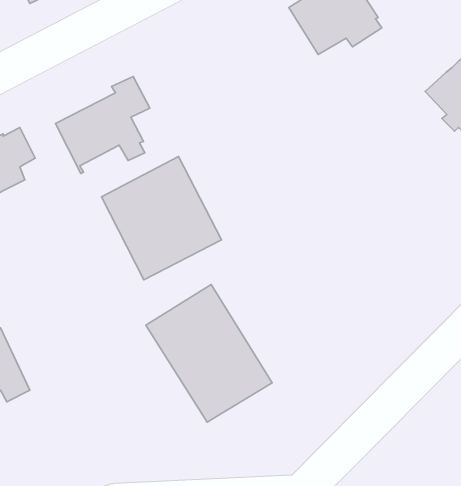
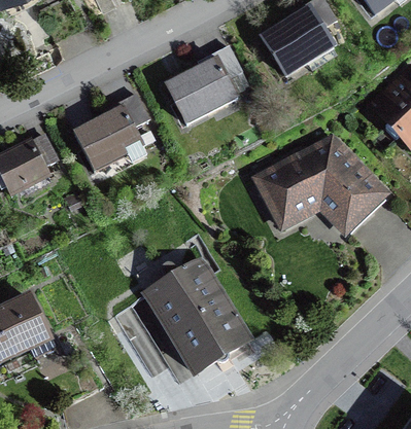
building: none -> [165,44,241,122]
building: none -> [260,141,380,226]
building: [102,157,221,280] -> none

